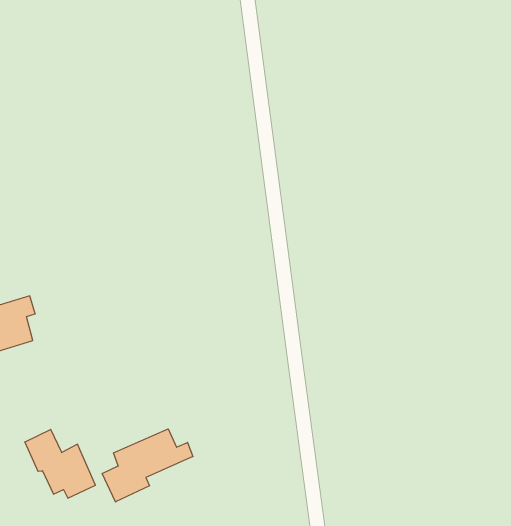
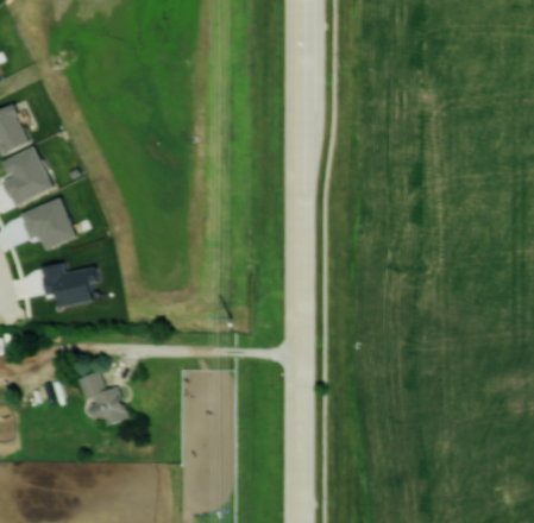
building: [102,429,193,502] -> none

